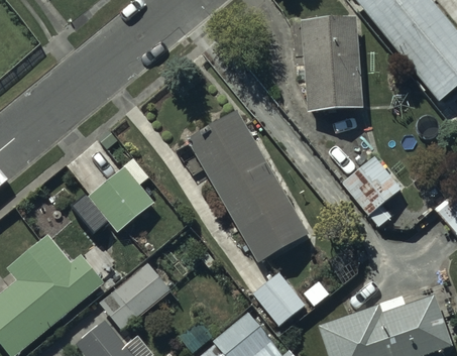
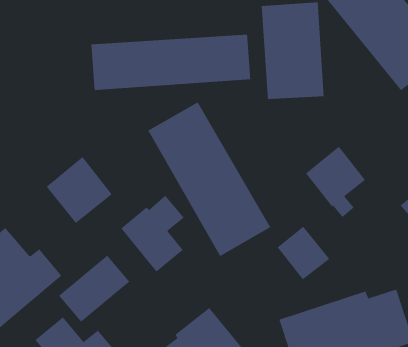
building: none -> [91,34,251,91]
building: none -> [121,195,185,272]
building: [253,273,306,327] -> [277,226,330,280]

